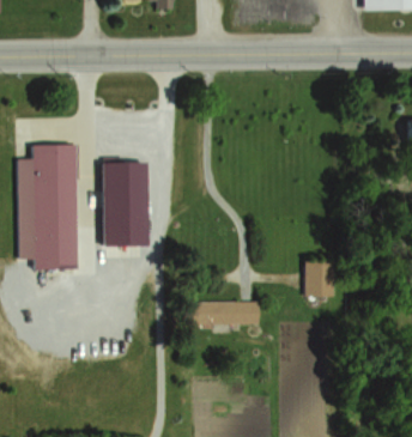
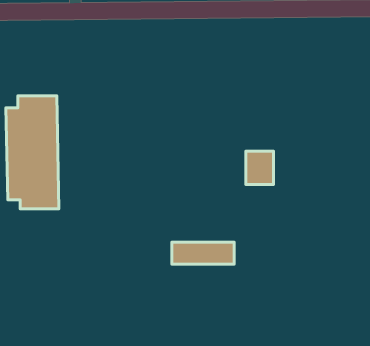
building: [97,160,143,243] -> none
building: [307,262,337,298] -> [246,151,273,185]

